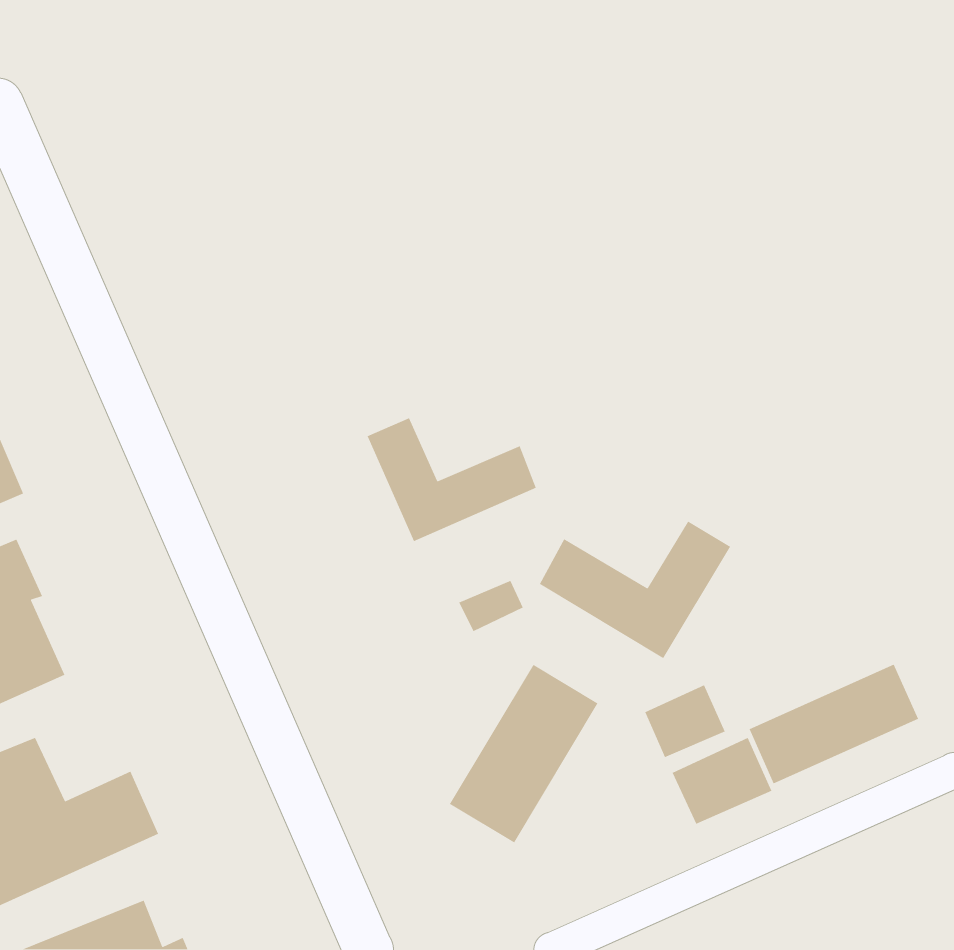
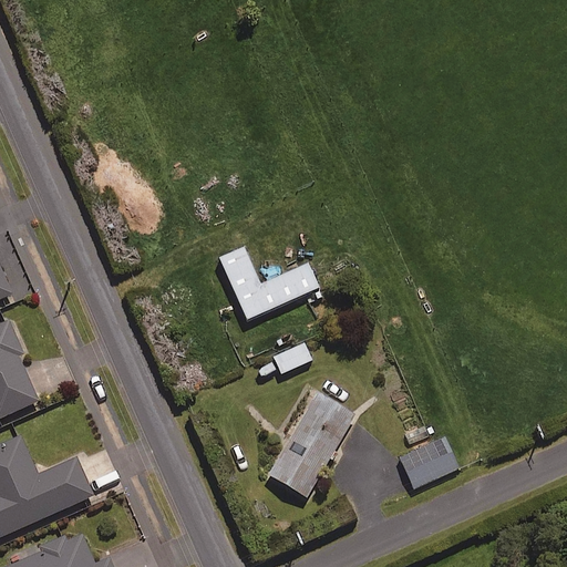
building: [539,520,731,659] -> none
building: [748,664,919,784] -> none
building: [644,684,726,758] -> none

